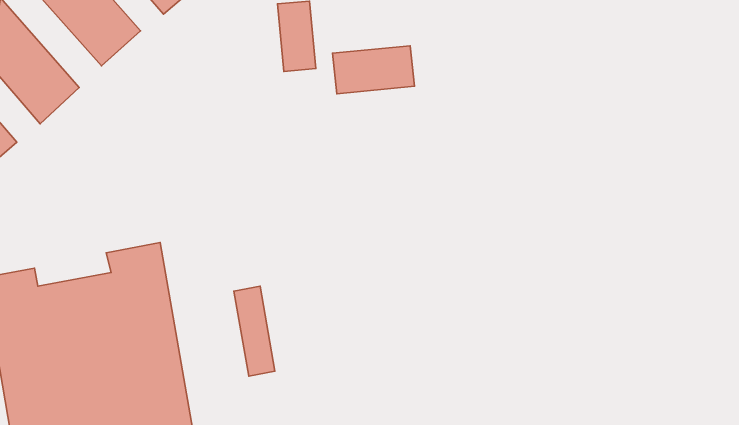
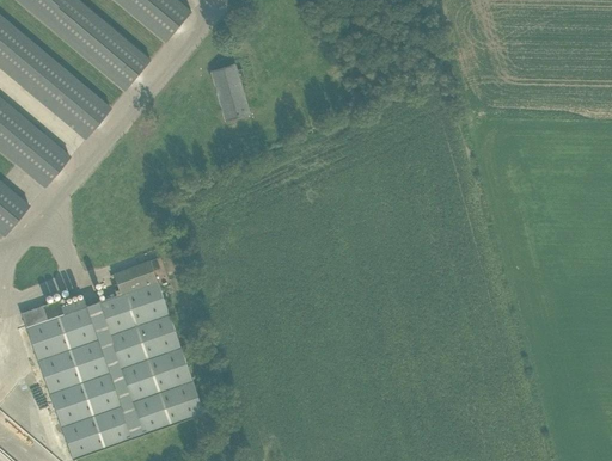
building: [333,46,415,94] -> none
building: [234,286,275,376] -> none

